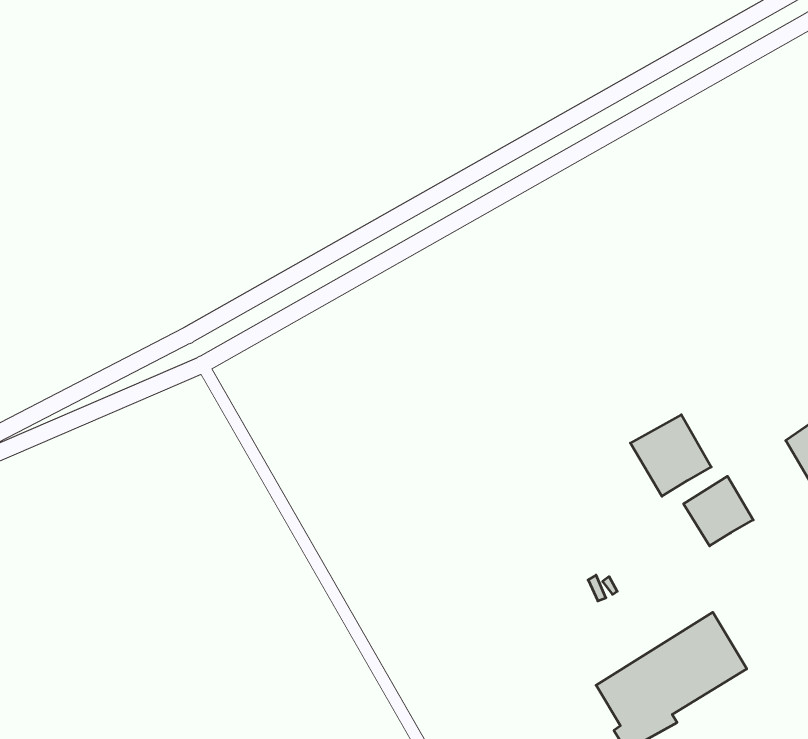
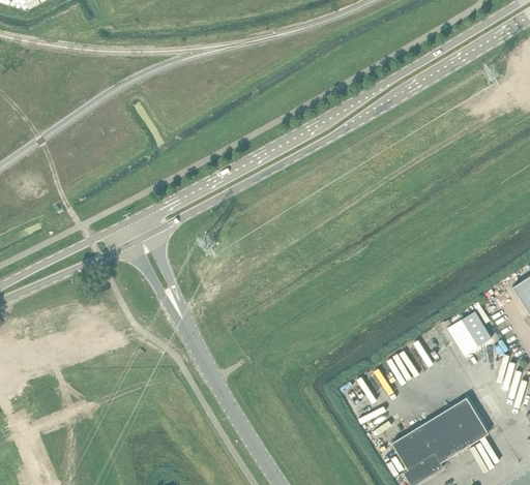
building: [630,415,711,496] -> none

